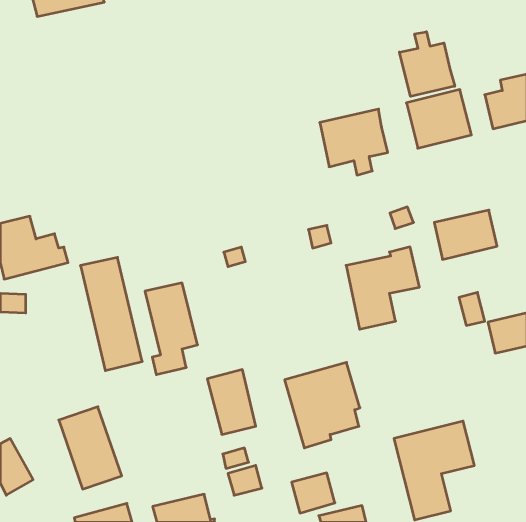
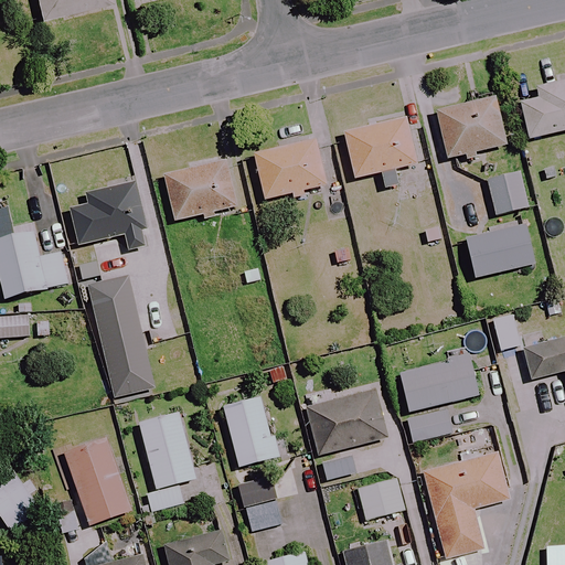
building: [399,32,455,96] -> none
building: none -> [254,139,326,199]
building: none -> [163,160,236,221]
building: none -> [486,171,530,214]
building: none -> [71,182,149,252]
building: [346,247,419,329] -> [399,352,478,440]
building: [145,283,198,375] -> [139,413,195,511]
building: [292,473,335,513] -> [356,477,403,520]

